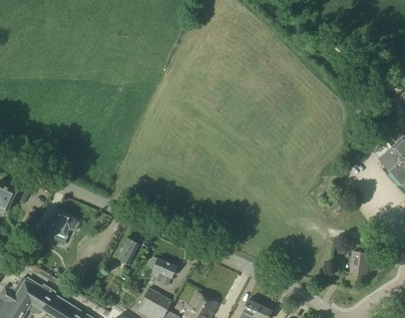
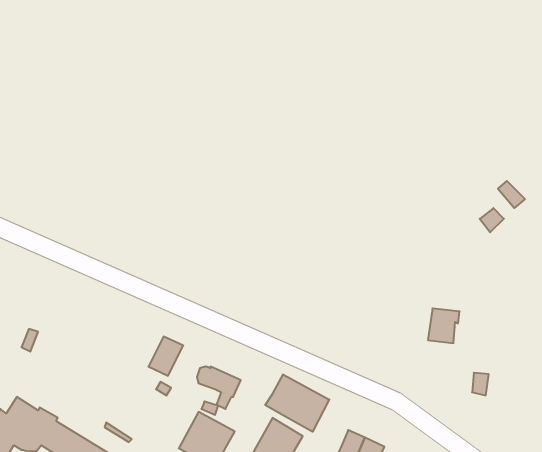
building: [47,212,79,242] -> none
building: [349,252,370,275] -> [428,308,460,343]
building: none -> [265,374,329,432]

